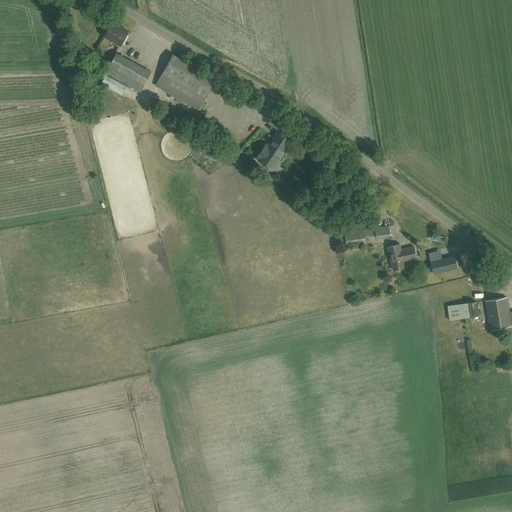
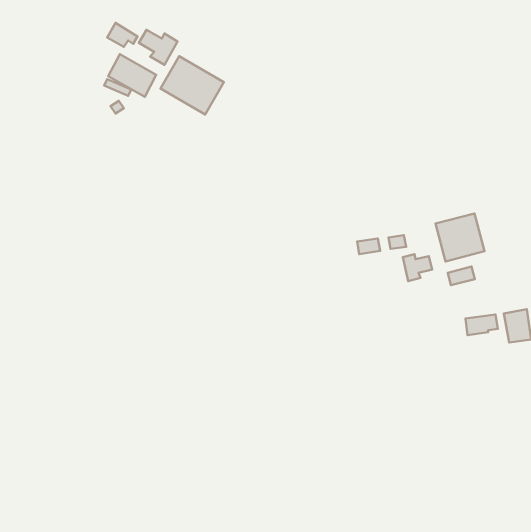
building: none -> [139,30,177,65]
building: [256,132,290,168] -> none
building: none -> [436,213,484,261]

